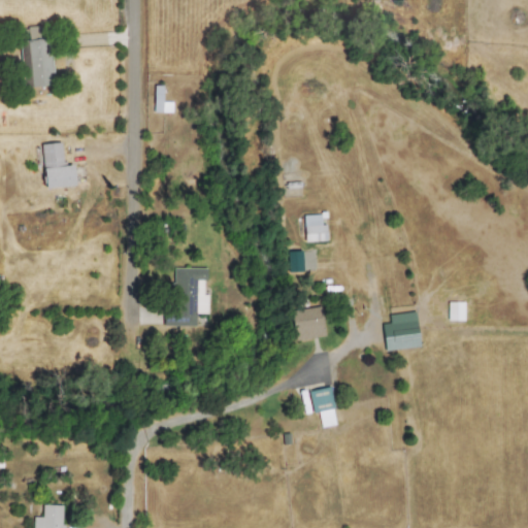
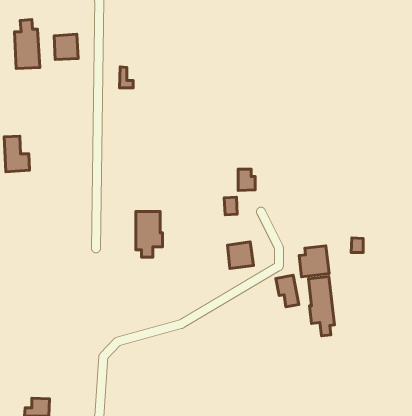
building: none -> [54,34,78,59]
building: [44,142,76,188] -> [4,136,30,172]
building: none -> [308,276,335,336]
building: [310,387,339,427] -> [276,275,299,307]

